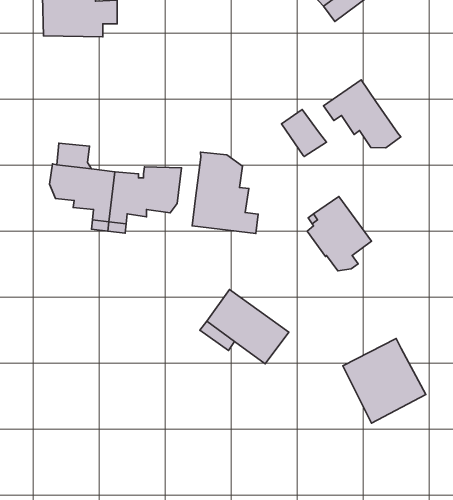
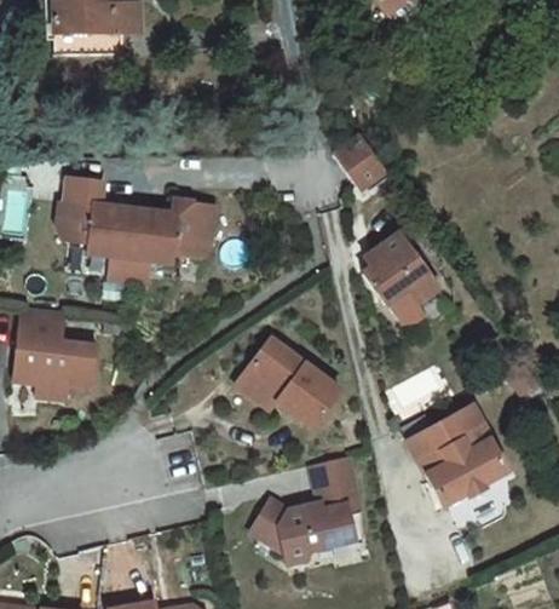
building: [323,80,401,148] -> none
building: [192,152,258,234] -> none
building: none -> [12,305,98,395]
building: none -> [253,463,363,570]

